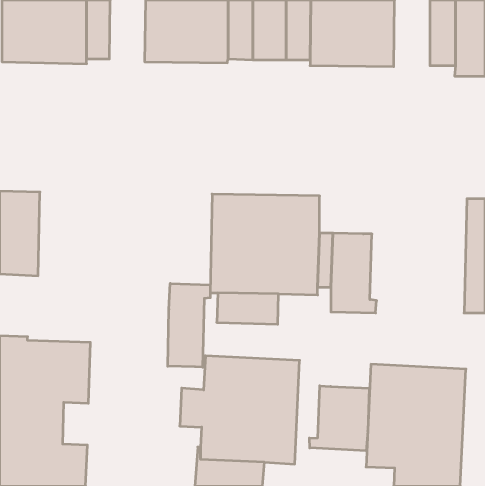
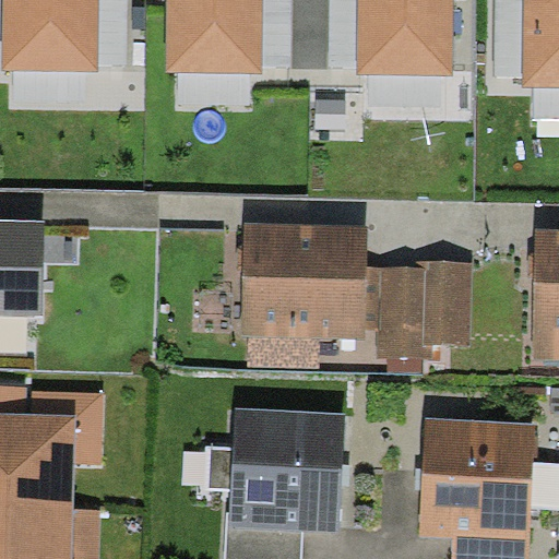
building: none -> [417,262,472,345]
building: [168,283,210,367] -> none
building: [309,386,369,451] -> none

